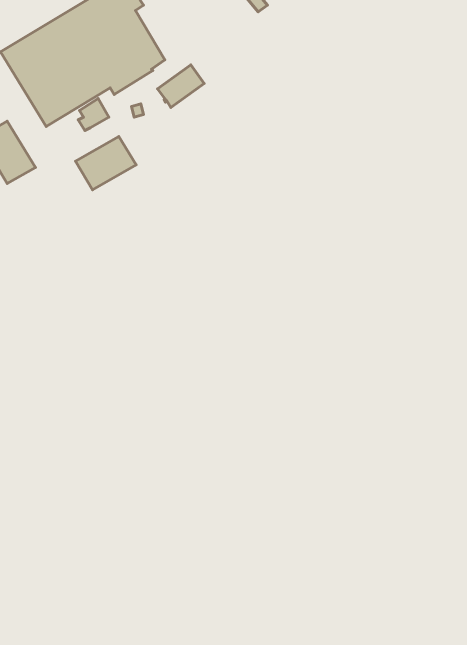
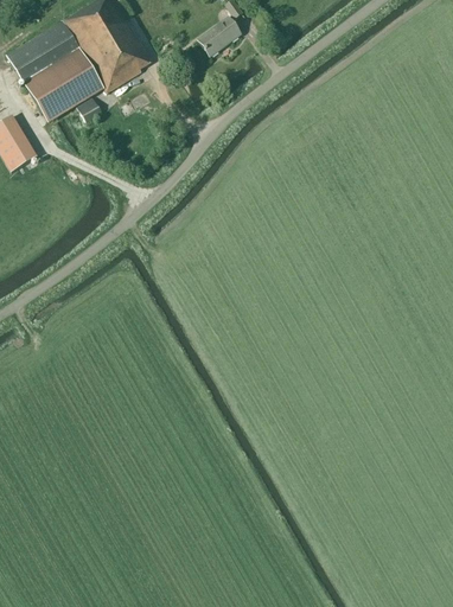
building: [157,65,204,107] -> [199,17,241,55]
building: [75,136,136,190] -> none

